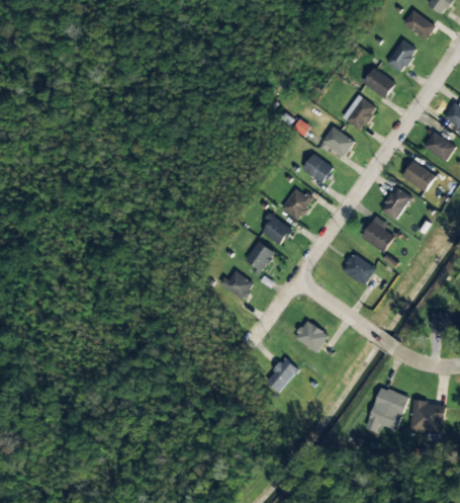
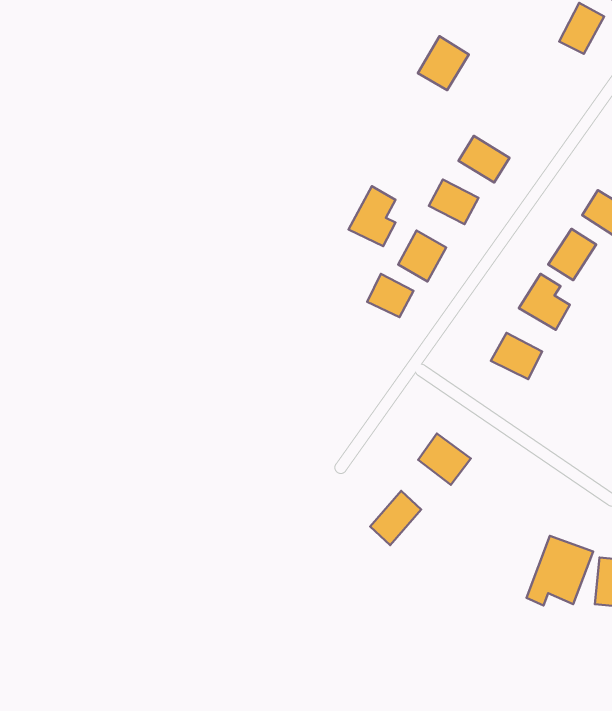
building: [361,68,395,98] -> none
building: [342,94,375,130] -> [418,36,469,90]
building: none -> [348,186,395,246]
building: [244,241,274,272] -> none
building: [220,269,253,300] -> none

